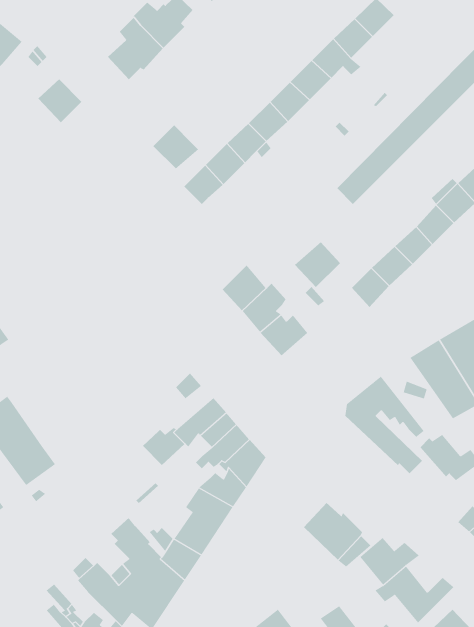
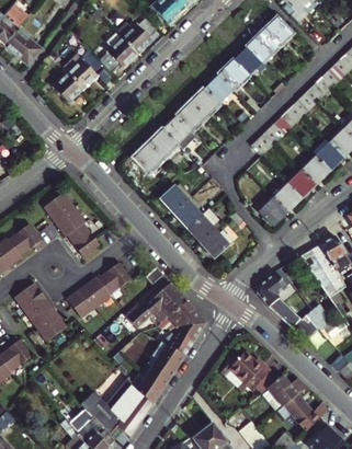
building: none -> [64,50,103,88]
building: [152,124,199,169] -> [137,143,168,173]
building: [294,241,341,288] -> [162,181,193,211]
building: none -> [38,197,94,261]
building: none -> [67,262,132,318]

